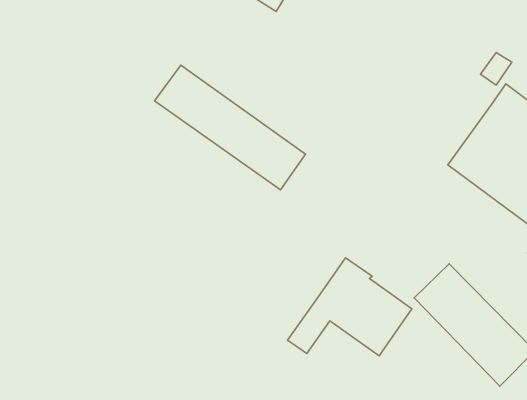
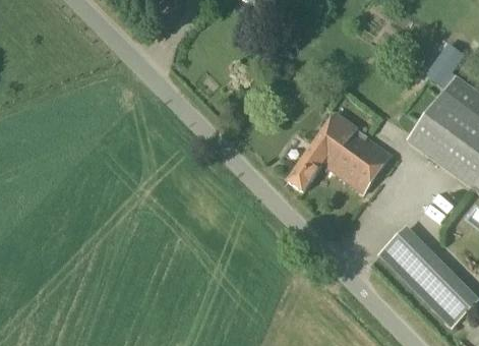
building: [155,65,305,190] -> none
building: [288,258,412,356] -> [286,111,391,193]

